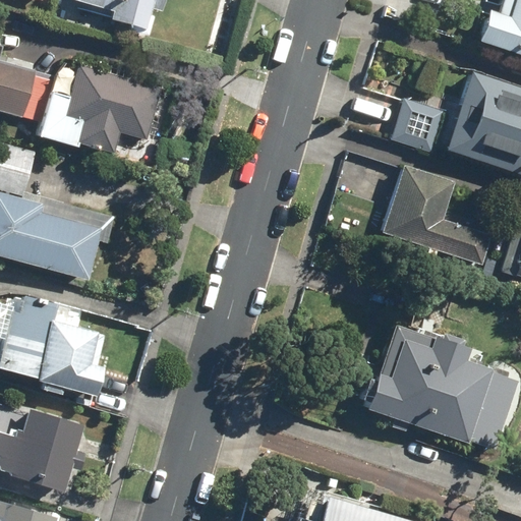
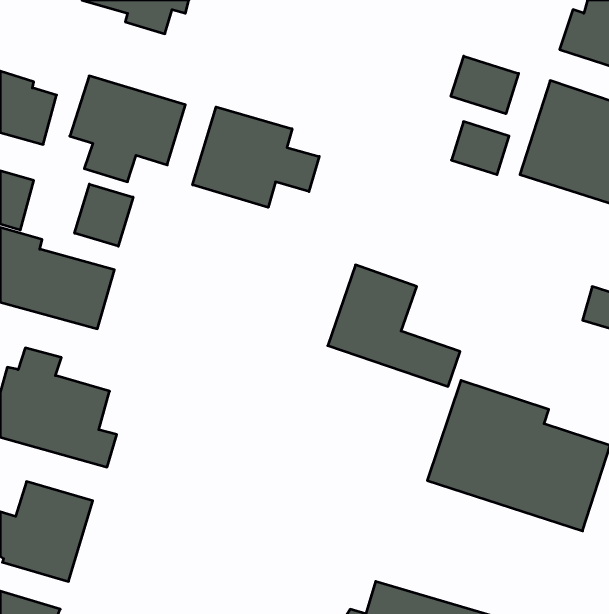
building: none -> [451,56,519,114]
building: none -> [193,107,319,207]
building: none -> [75,184,133,246]
building: [380,164,491,267] -> [328,265,460,386]

